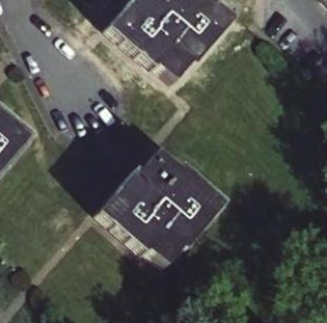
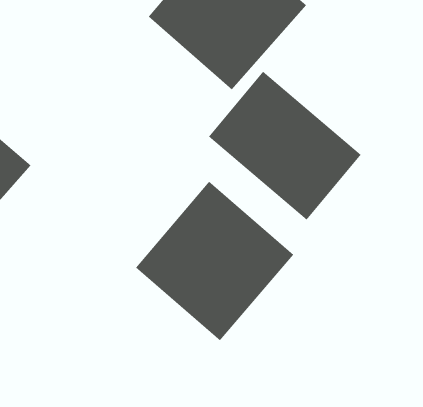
building: none -> [208,71,361,220]

